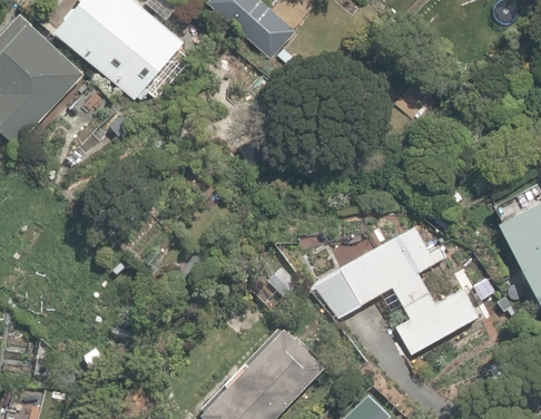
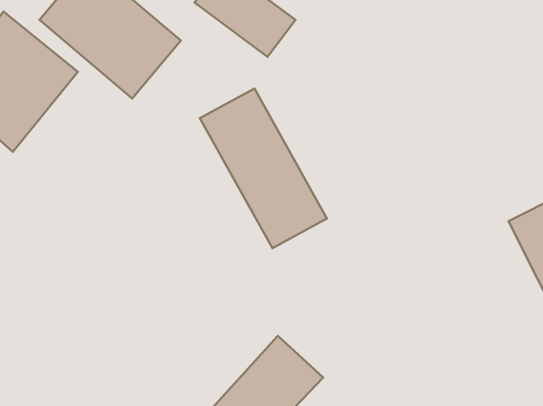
building: none -> [200,89,327,248]
building: [312,216,485,353] -> none

